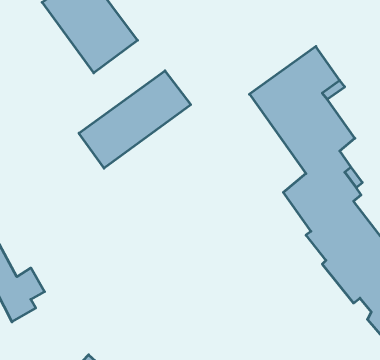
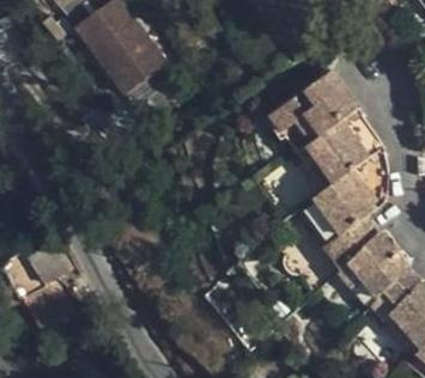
building: [79,71,191,168] -> none

